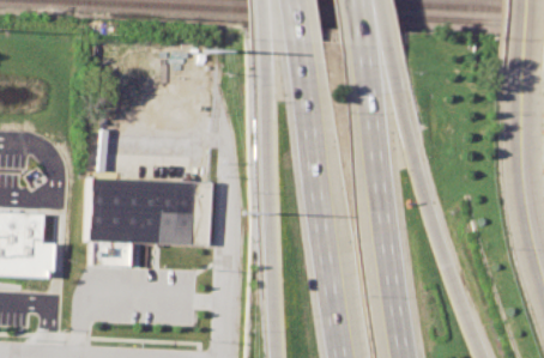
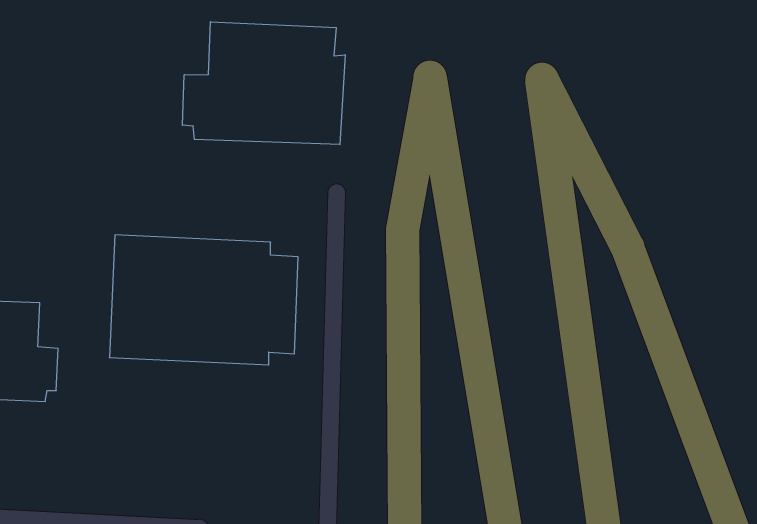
building: none -> [182,22,345,145]

